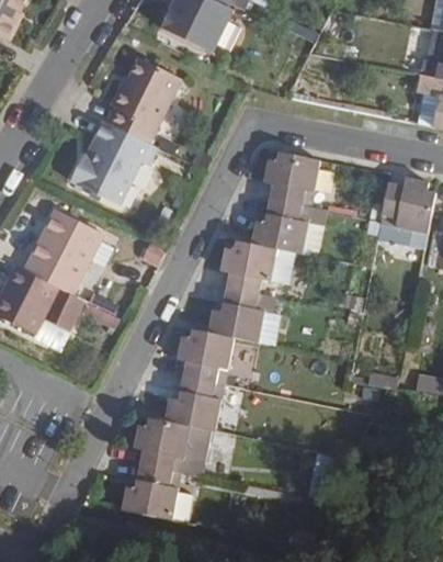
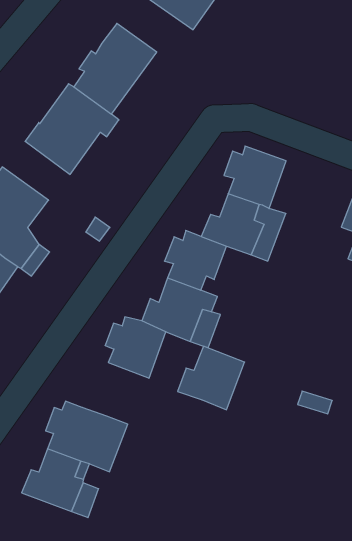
building: [164,375,223,431] -> [178,346,245,410]

